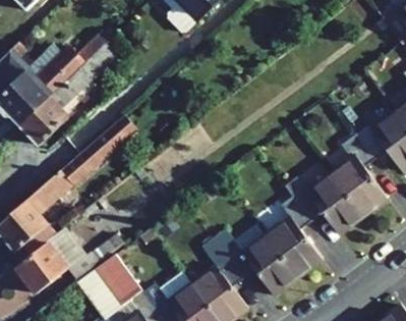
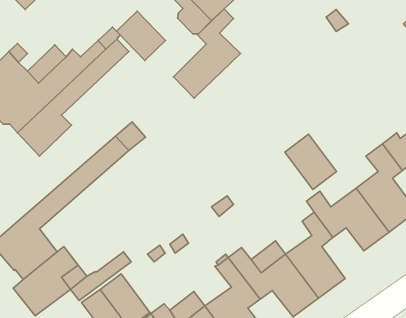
building: none -> [173,9,241,98]
building: none -> [117,11,166,60]
building: none -> [285,134,337,190]

